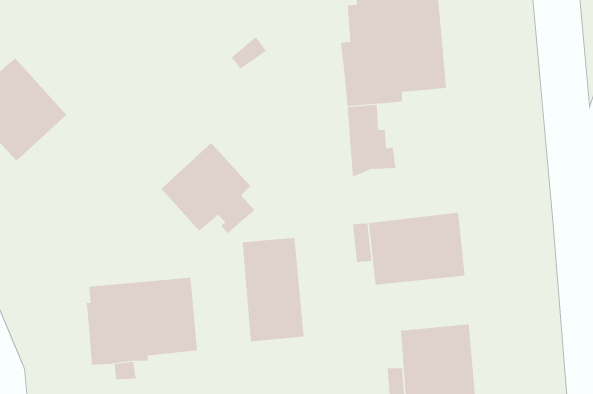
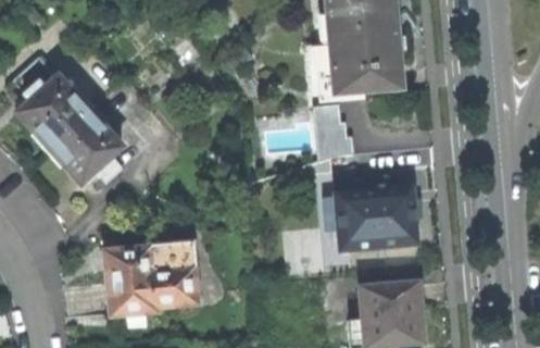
building: [160,142,255,234] -> [49,109,126,184]
building: [242,237,304,342] -> none

